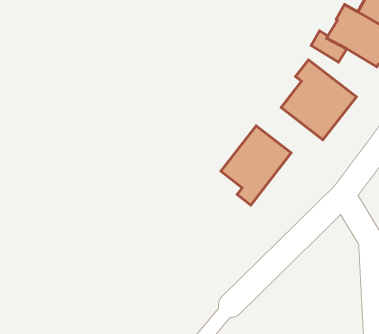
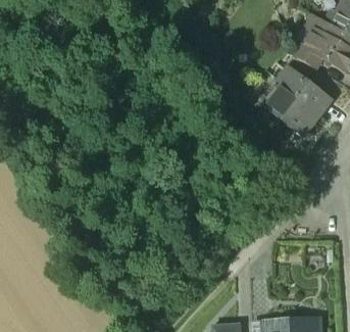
building: [221,126,291,205] -> none

